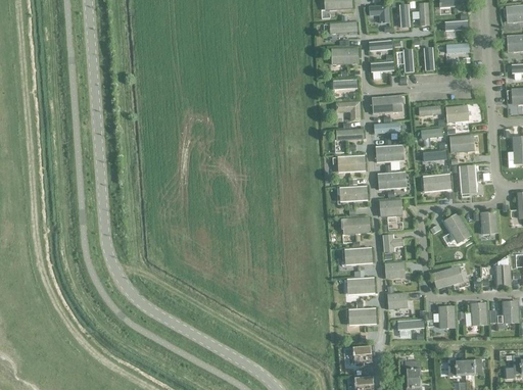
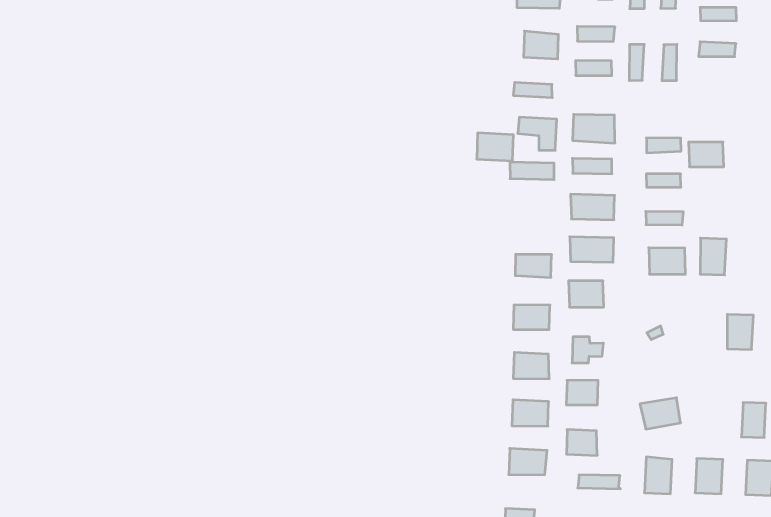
building: [448,135,472,153] -> none
building: [341,155,365,173] -> [477,133,513,161]
building: [442,213,468,241] -> none

